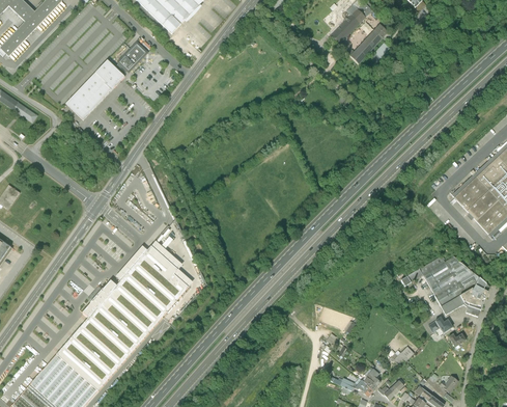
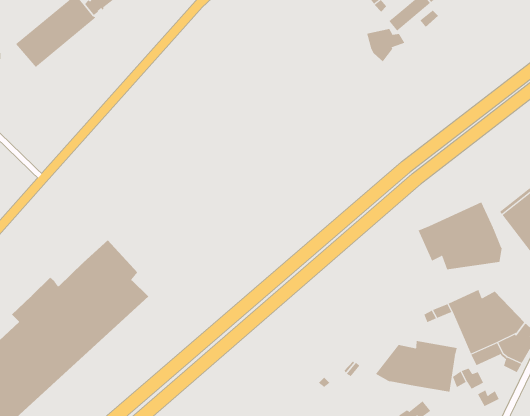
building: none -> [367,28,405,62]
building: none -> [418,201,503,270]
building: none -> [375,340,457,392]

